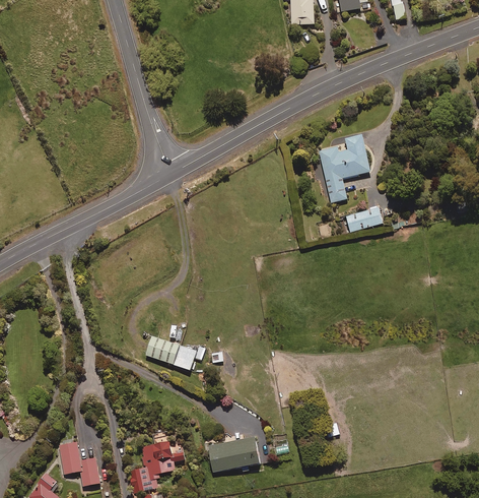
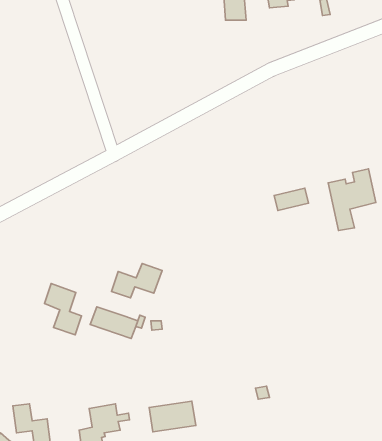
building: [318,134,369,201] -> [328,169,376,231]
building: none -> [112,264,162,298]
building: none -> [44,284,82,335]

